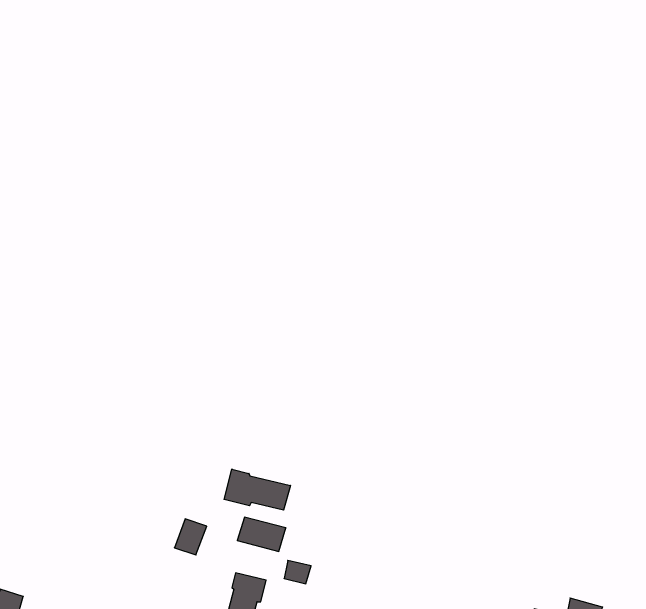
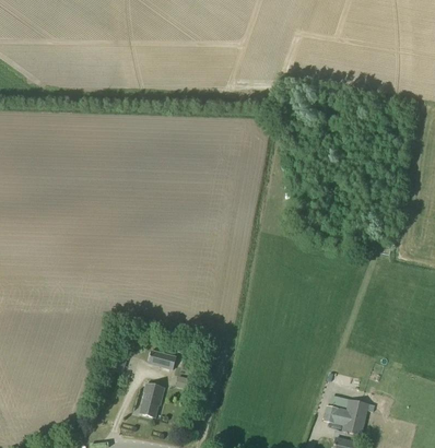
building: [224,469,290,510] -> none

